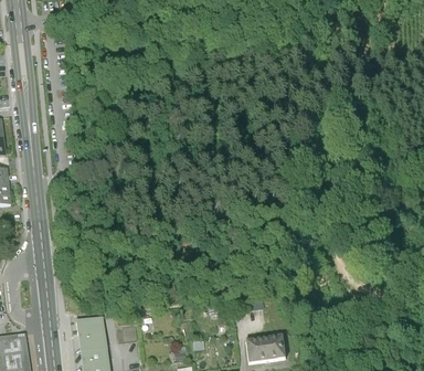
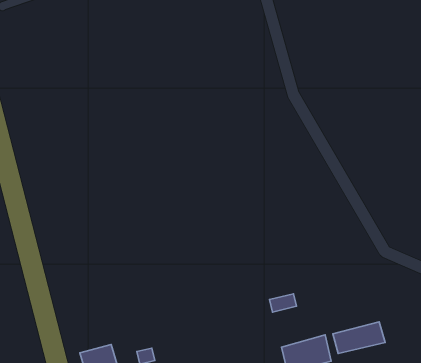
building: none -> [333,322,385,353]

